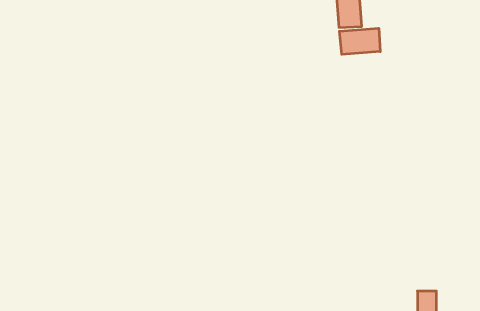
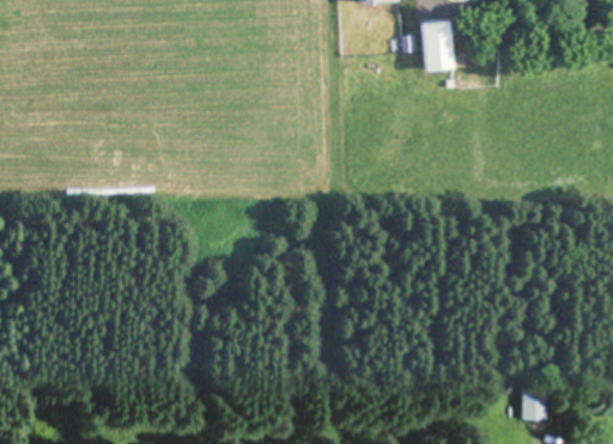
building: [339,28,380,54] -> none

